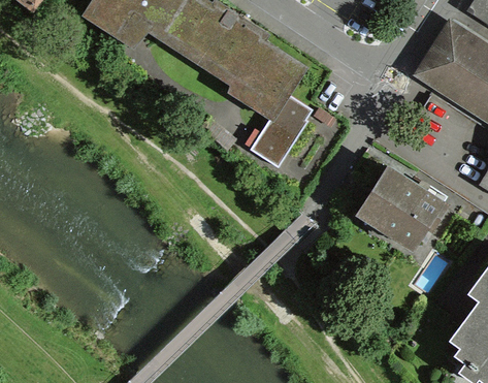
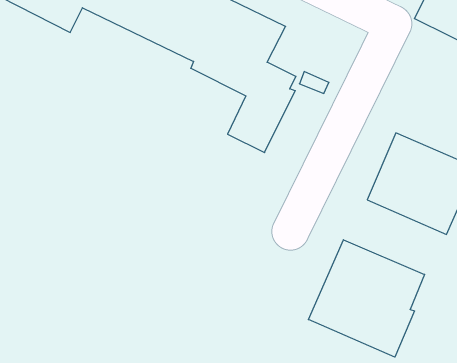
building: none -> [308,240,425,357]

